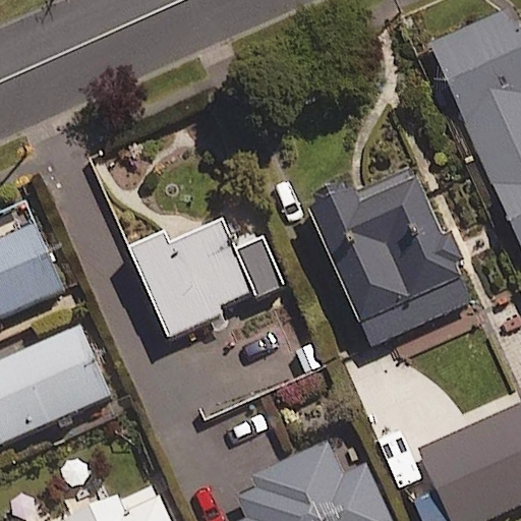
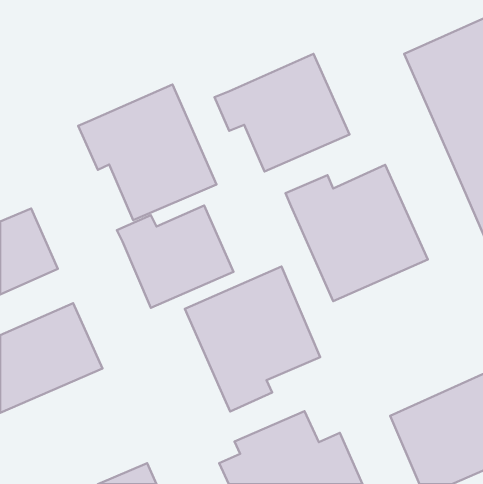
building: none -> [214,54,349,172]
building: none -> [78,84,217,220]
building: none -> [185,267,320,411]

